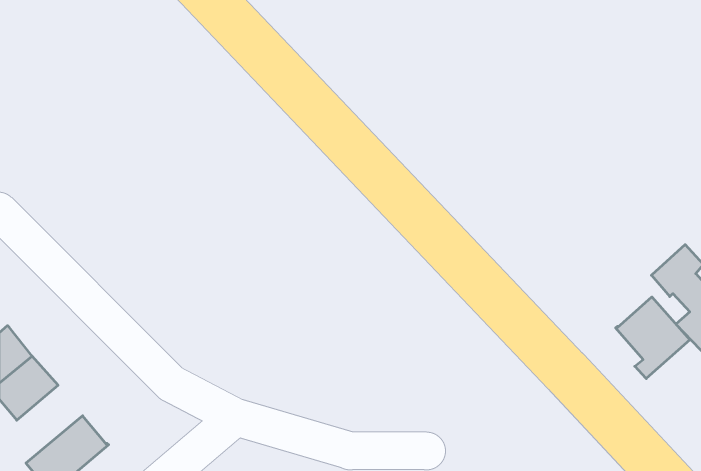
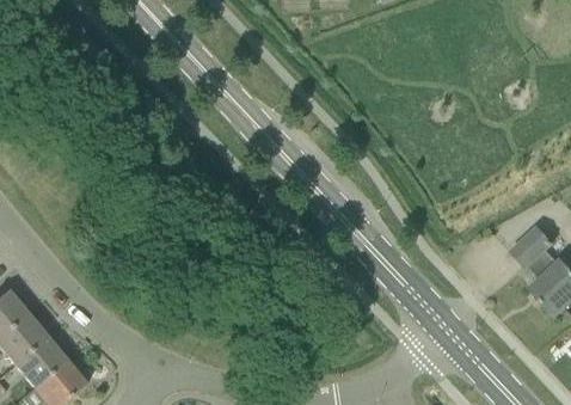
building: [616,297,690,379] -> none
building: none -> [16,337,67,398]

